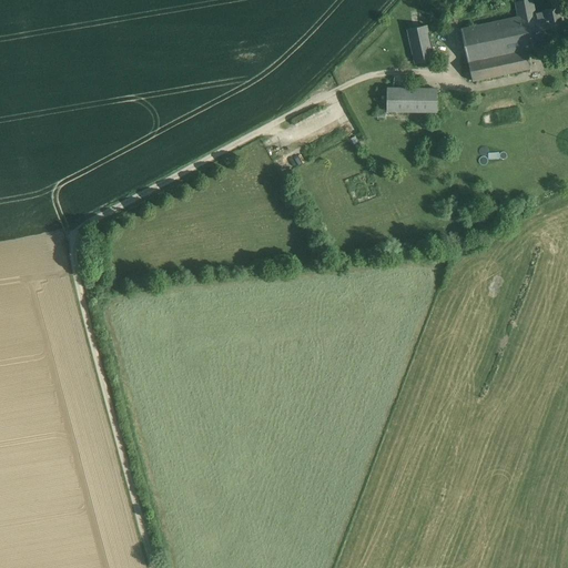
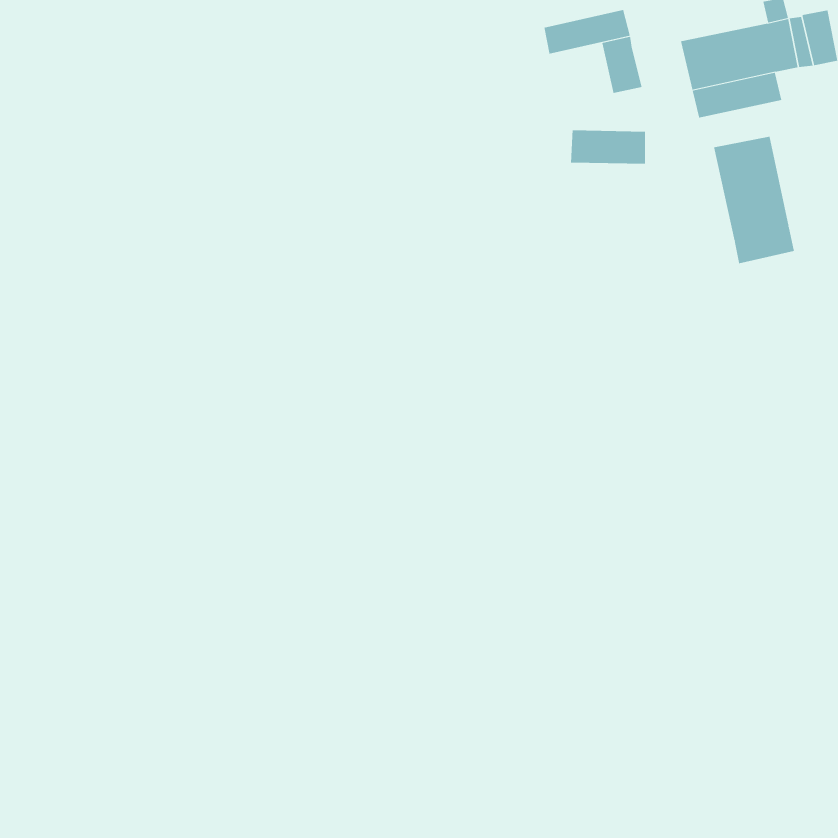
building: none -> [544,9,631,55]
building: none -> [713,136,794,264]

